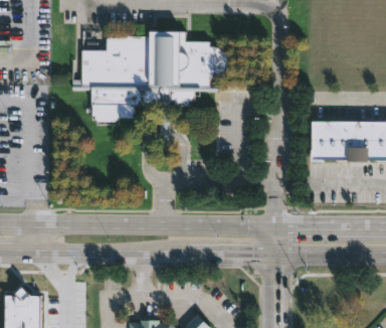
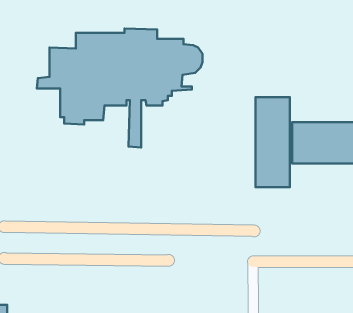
building: none -> [255,97,290,187]

